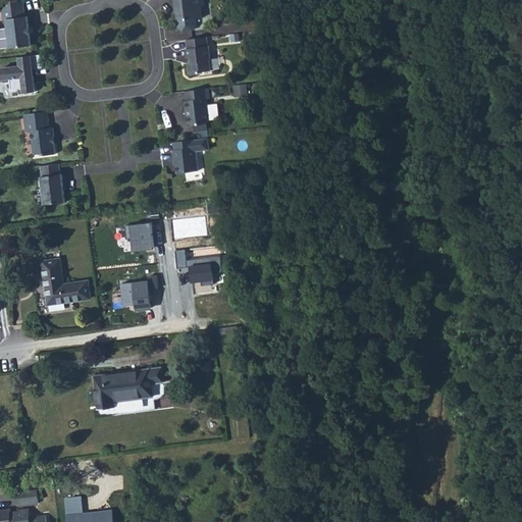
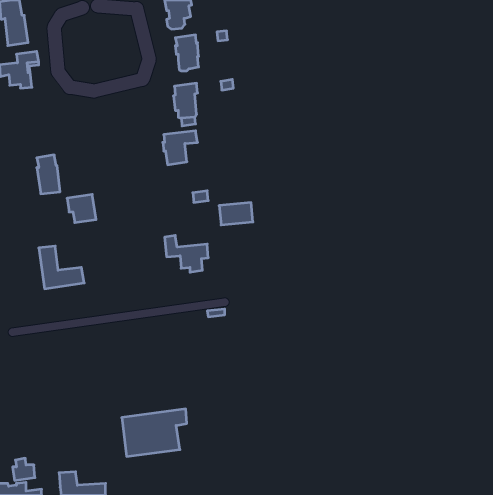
building: [22,111,54,155] -> none
building: [170,216,206,240] -> [219,203,253,225]
building: [122,221,153,251] -> [67,194,96,223]
building: [117,279,150,313] -> none
building: [93,367,161,417] -> [122,409,187,456]

